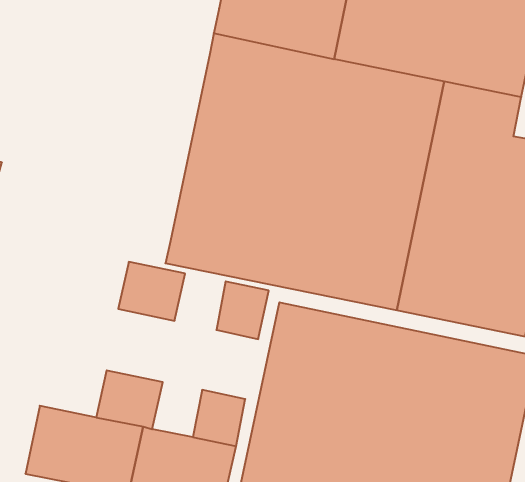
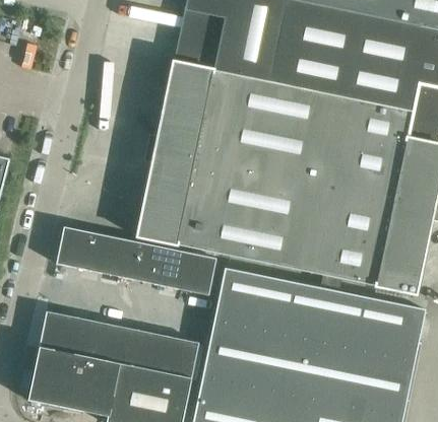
building: none -> [55,226,108,272]
building: none -> [143,244,183,288]
building: none -> [39,310,90,356]
building: none -> [126,329,165,371]

